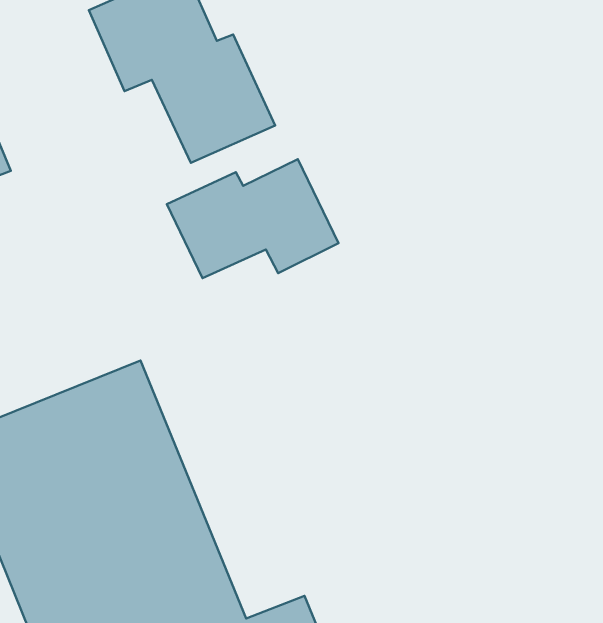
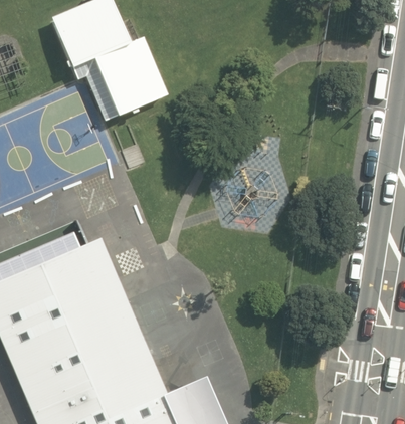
building: [167,159,339,278] -> none

